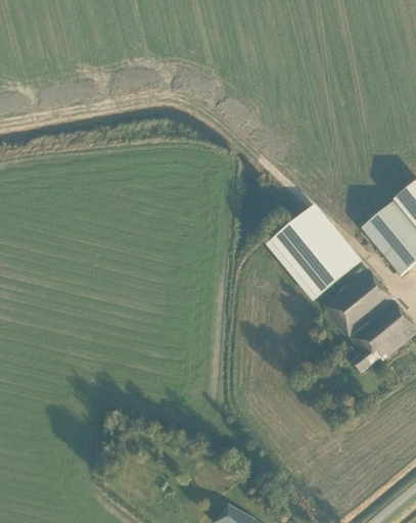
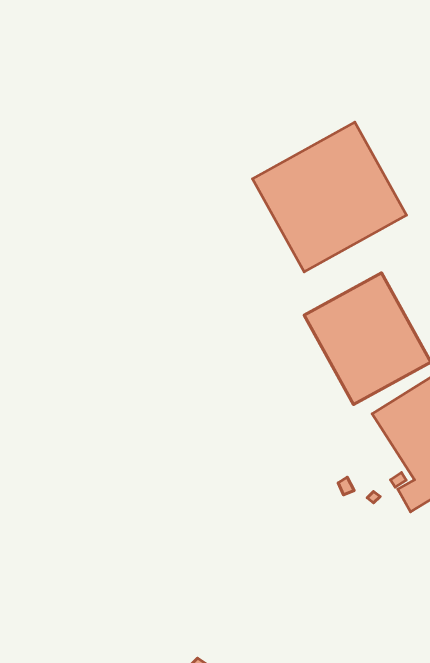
building: none -> [252,122,406,272]

